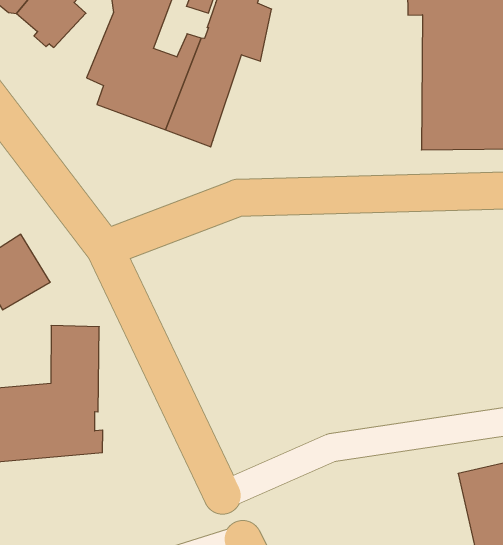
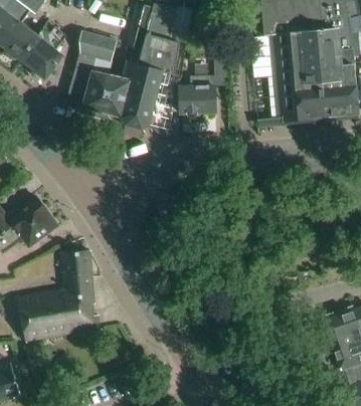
building: none -> [180,75,216,116]

